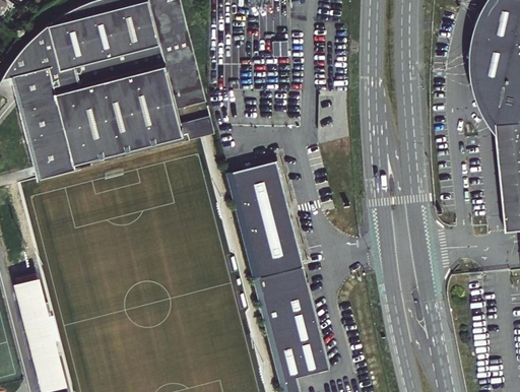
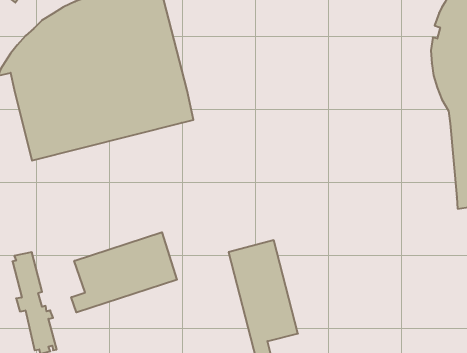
building: [225,159,304,279] -> none
building: none -> [71,232,177,312]

